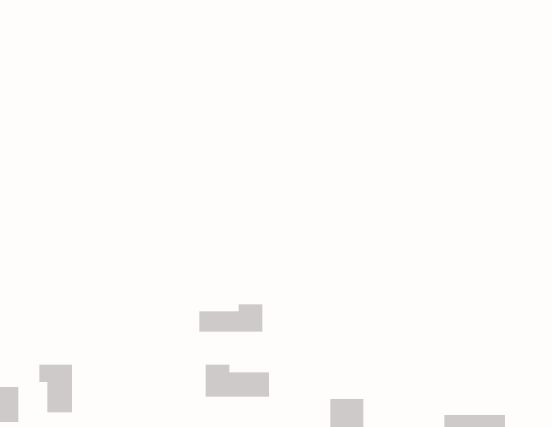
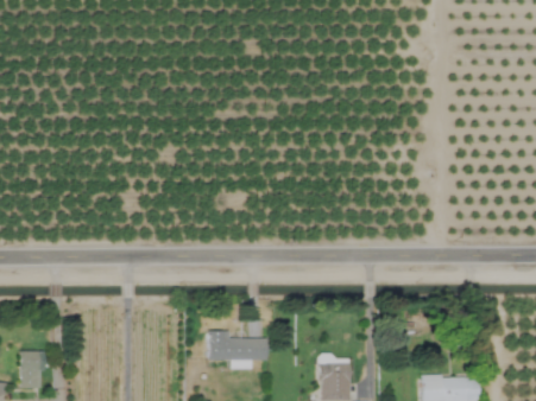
building: [199,303,263,332] -> none
building: [39,364,72,413] -> none

